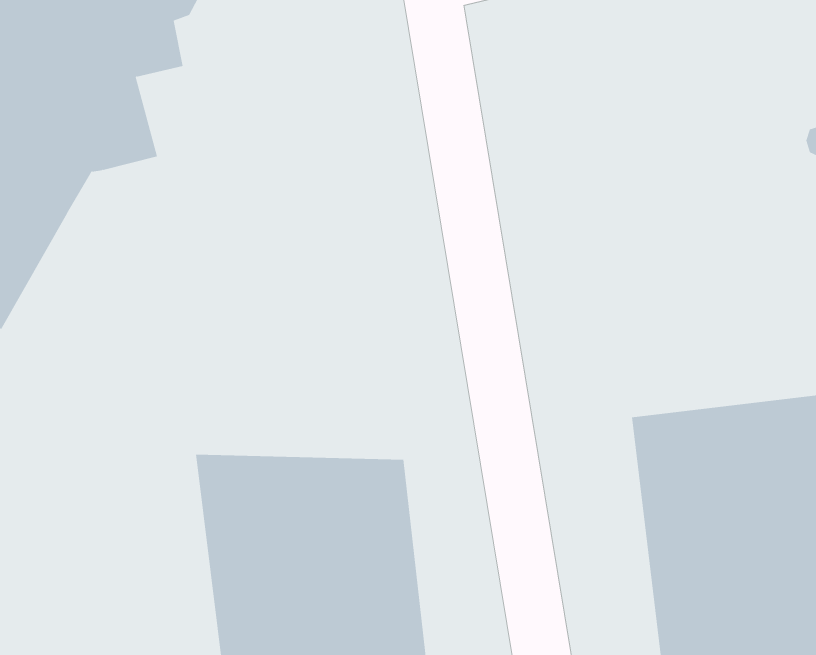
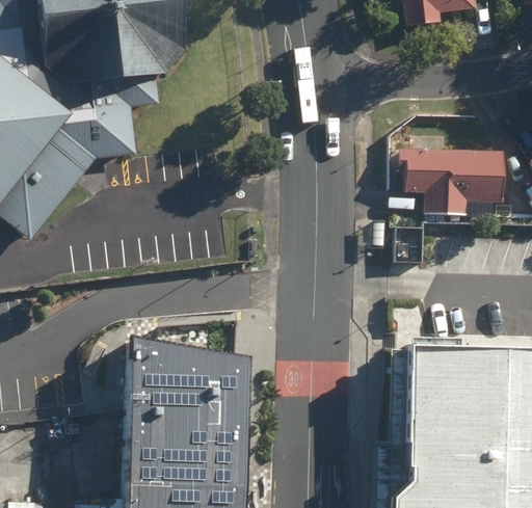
building: none -> [399,148,504,215]

